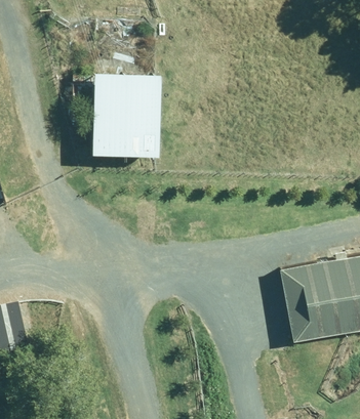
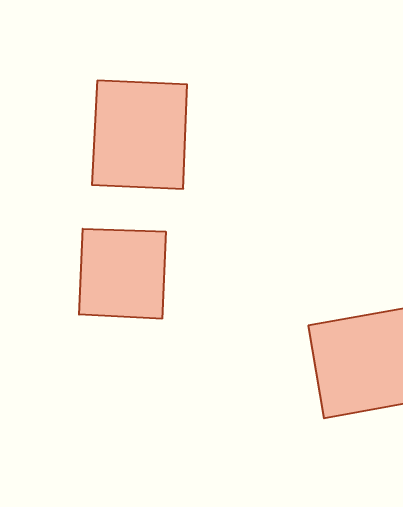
building: none -> [79,229,166,319]

